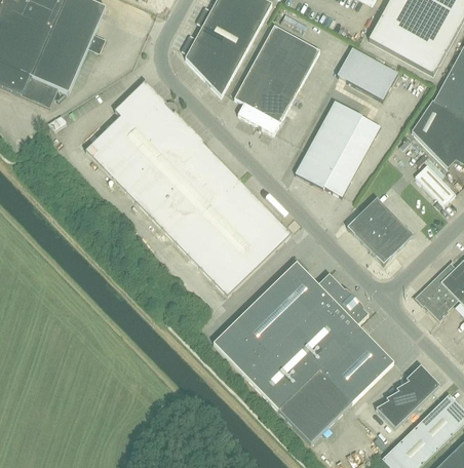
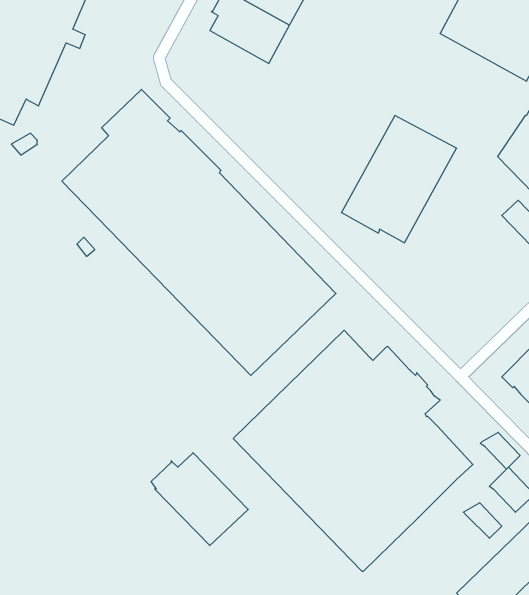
building: [234,24,320,133] -> none
building: [182,34,240,94] -> none
building: [337,46,397,99] -> none
building: [347,196,413,263] -> none
building: none -> [151,453,248,546]
building: [395,380,425,407] -> [480,432,520,469]
building: [376,399,405,427] -> none

